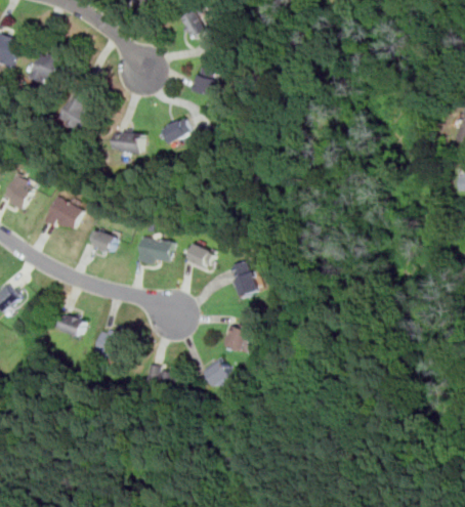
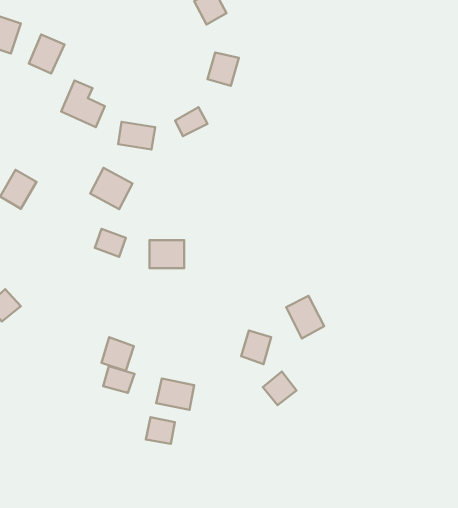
building: [43,196,82,234] -> [90,168,133,209]
building: [185,244,216,271] -> none
building: [225,260,260,299] -> [286,296,324,338]
building: [56,312,85,337] -> [103,366,134,393]
building: [202,357,232,388] -> [263,372,296,405]
building: none -> [146,417,175,444]

